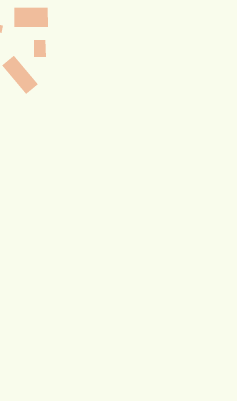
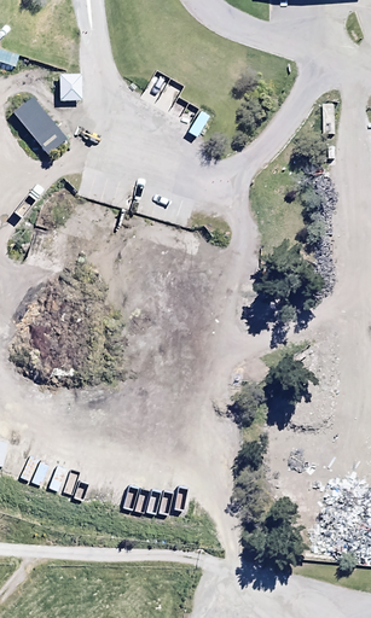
building: [14,7,48,28] -> none

